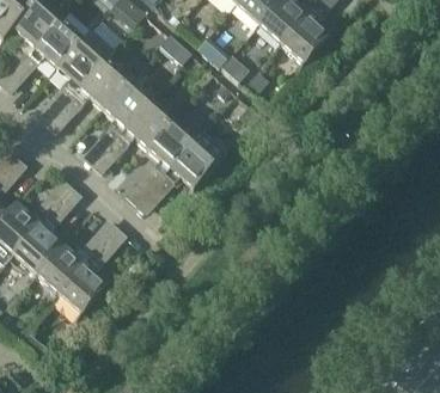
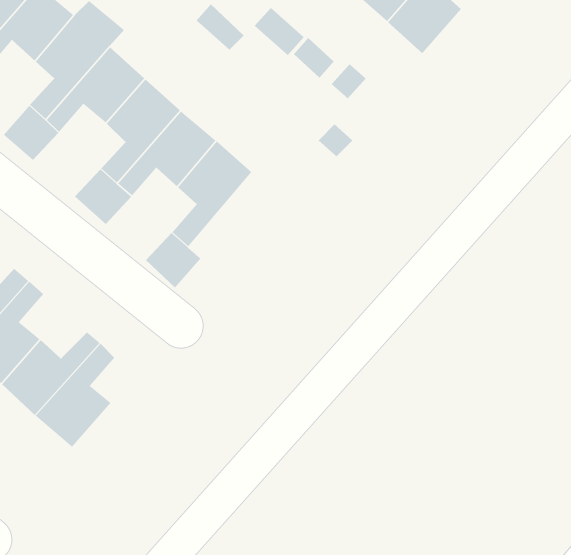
building: [154,137,219,192] -> none
building: [43,176,83,215] -> none
building: [90,216,128,256] -> none

